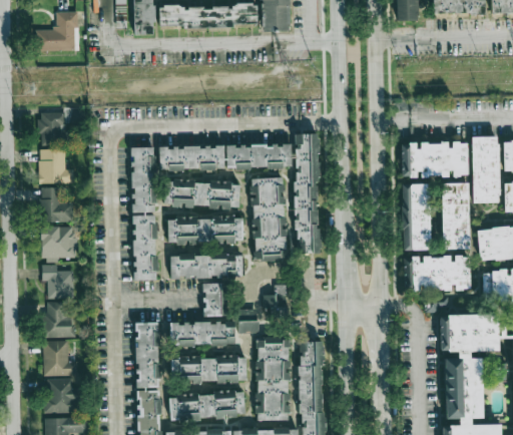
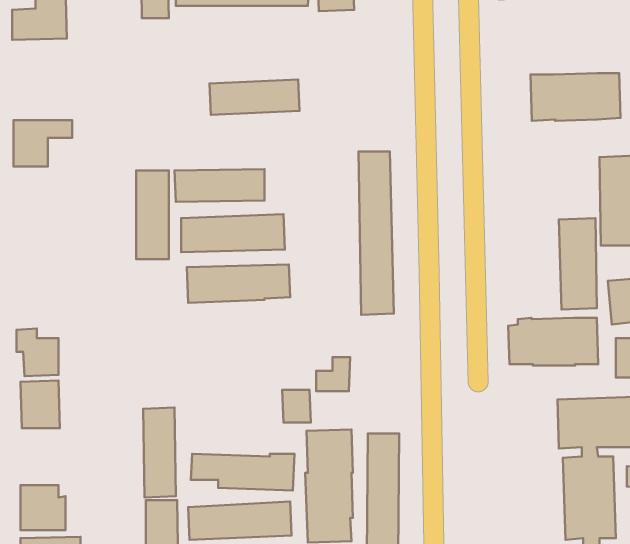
building: [401,142,467,177] -> [531,73,620,121]
building: [225,143,292,169] -> [210,80,299,115]
building: [39,148,64,183] -> none
building: [251,177,287,261] -> none
building: [401,183,431,250] -> none
building: [41,187,73,222] -> none
building: [131,213,157,280] -> none
building: [41,227,75,262] -> none
building: [170,255,242,278] -> none
building: [203,283,226,317] -> none
building: [169,323,234,346] -> none
building: [43,340,77,376] -> none

